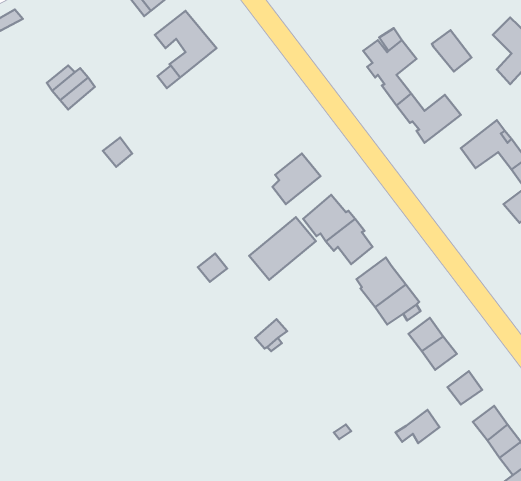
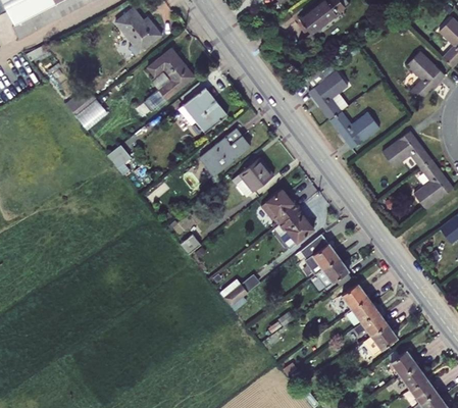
building: [432,30,471,71] -> none
building: none -> [176,87,225,131]
building: [249,217,316,280] -> [199,126,250,174]
building: [395,410,439,443] -> [353,309,387,335]

